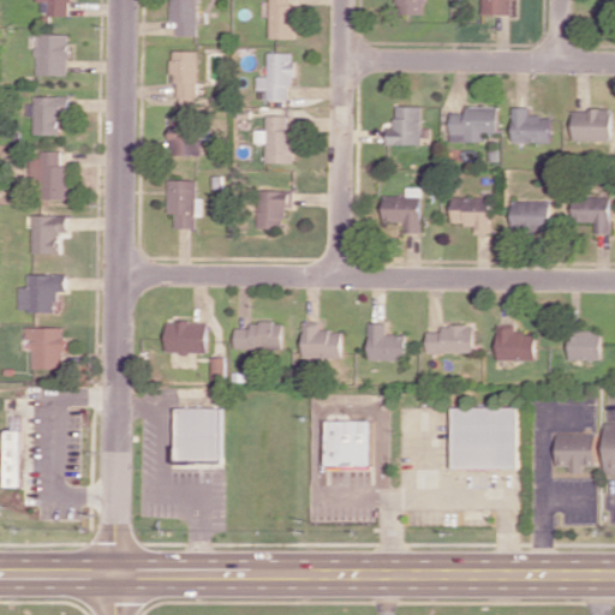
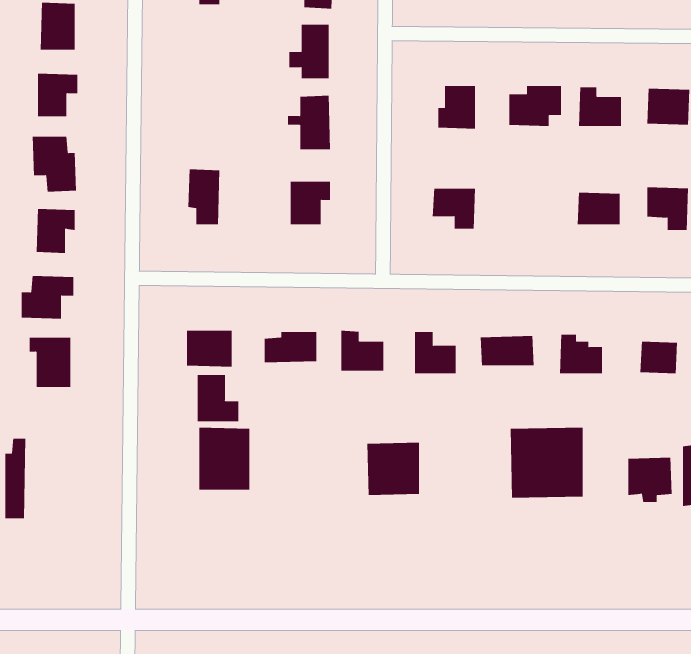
building: [169,52,196,107] -> none
building: [168,118,196,156] -> none
building: [448,196,488,233] -> none
building: none -> [197,374,239,422]

